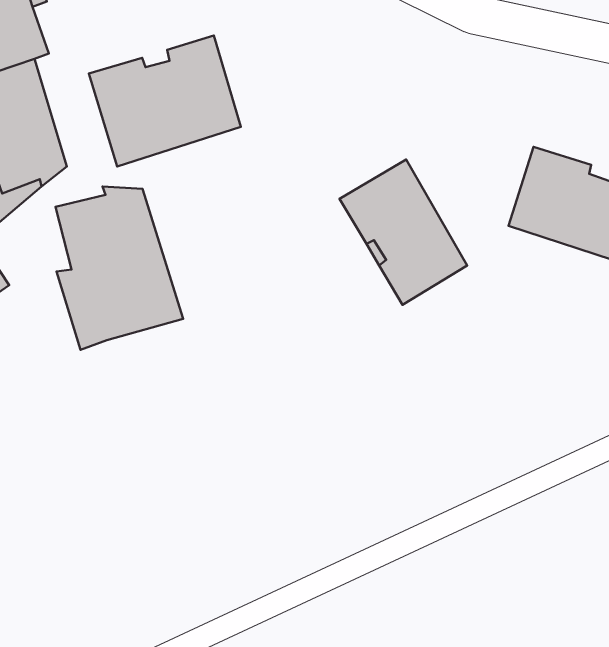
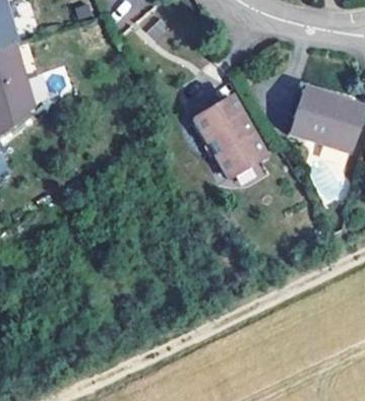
building: [89,35,241,167] -> none
building: [56,187,183,350] -> none

